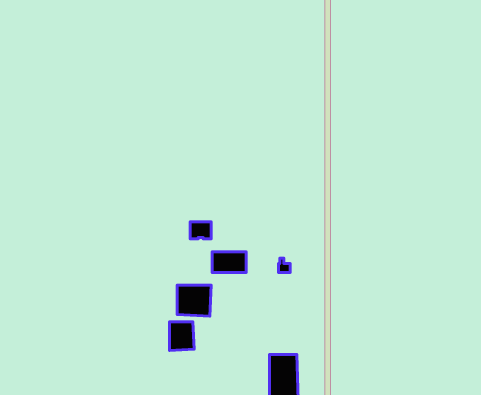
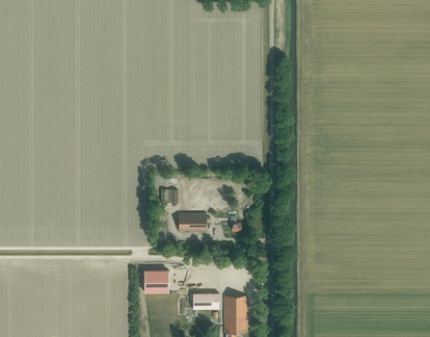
building: [177,285,211,316] -> none
building: none -> [192,293,219,309]

